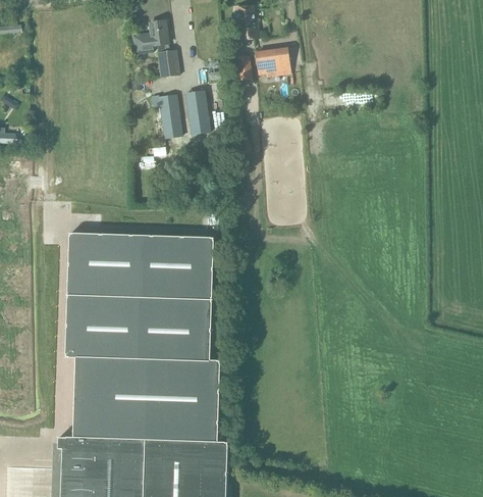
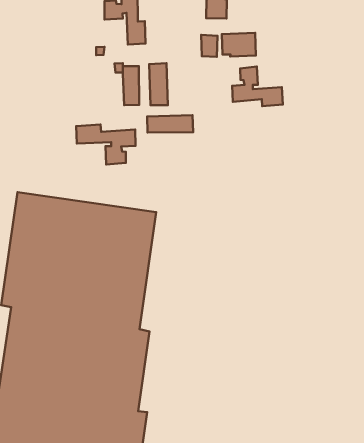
building: none -> [232,67,283,106]
building: none -> [147,115,193,132]
building: none -> [76,125,136,165]

